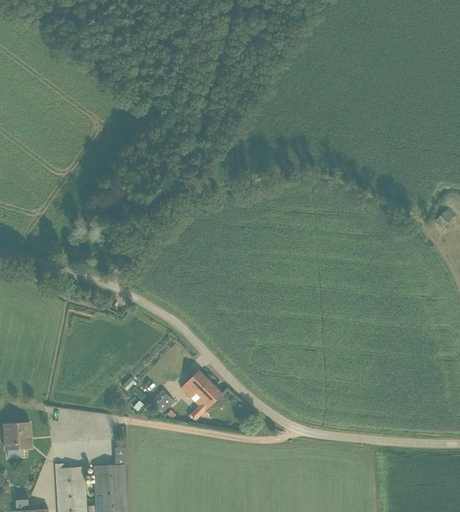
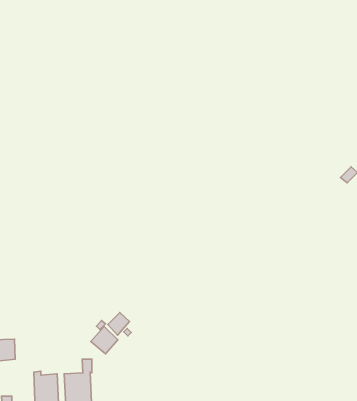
building: [180,371,221,411] -> none
building: none -> [91,327,118,354]

